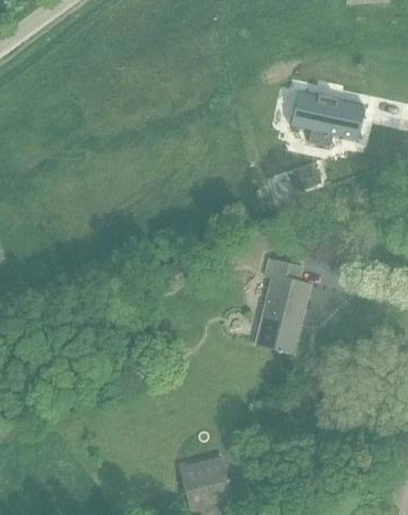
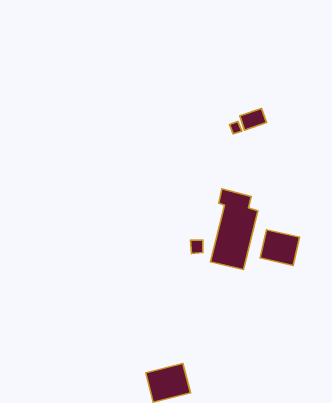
building: [291,91,364,146] -> none
building: none -> [260,230,300,266]

